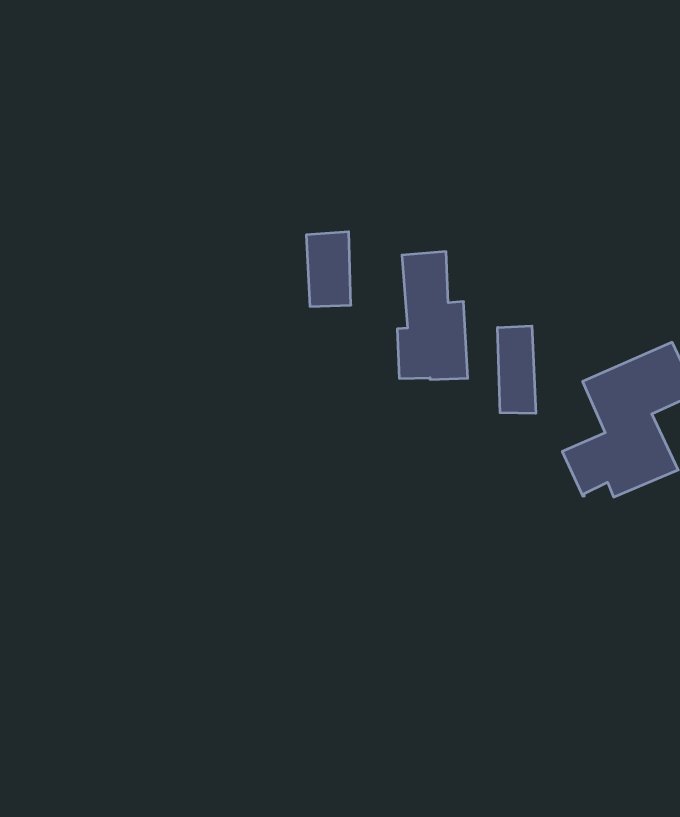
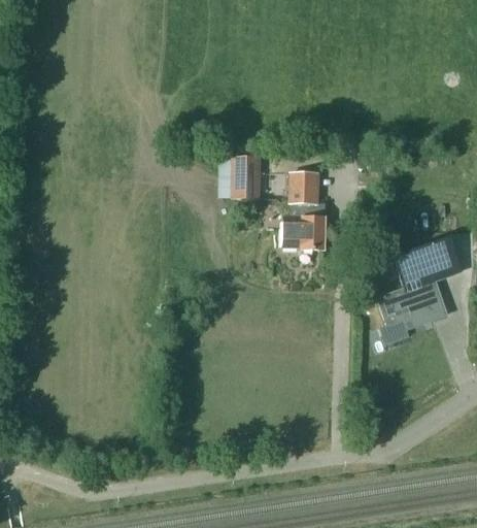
building: [498,326,536,413] -> none

